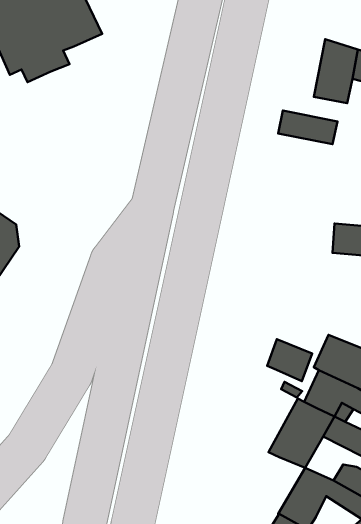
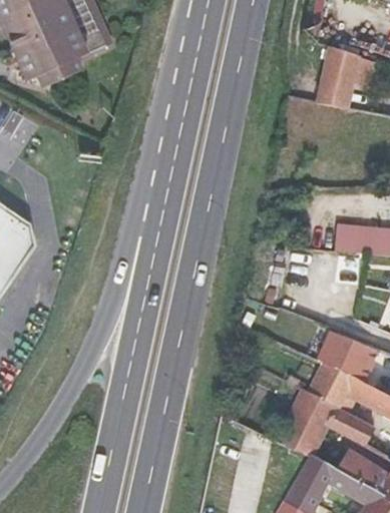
building: [278,111,337,144] -> none
building: [267,339,312,381] -> none

